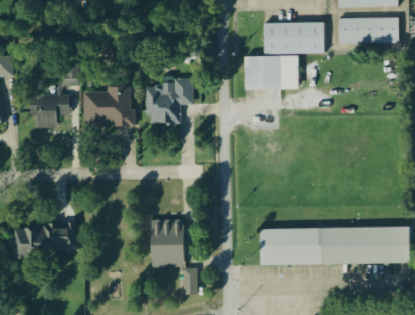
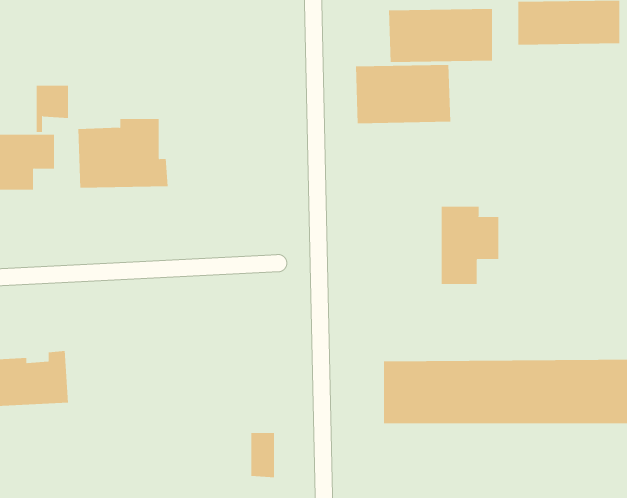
building: [145,81,193,125] -> none
building: none -> [441,206,499,285]
building: [151,219,186,267] -> none

